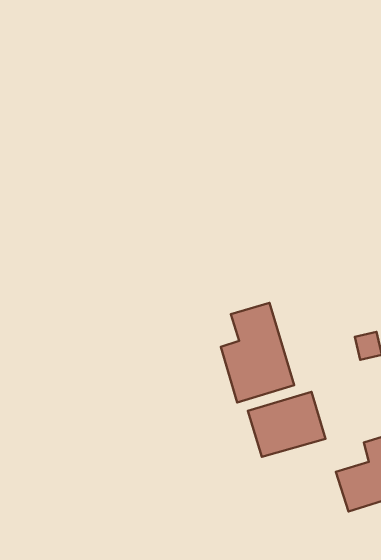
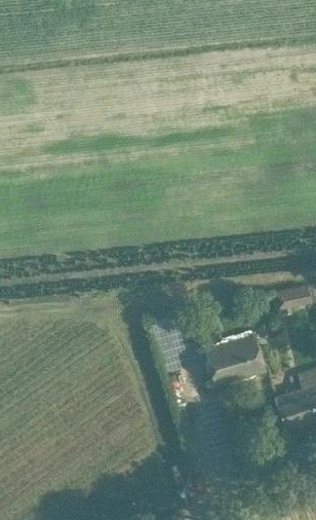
building: [221,303,294,402] -> none

